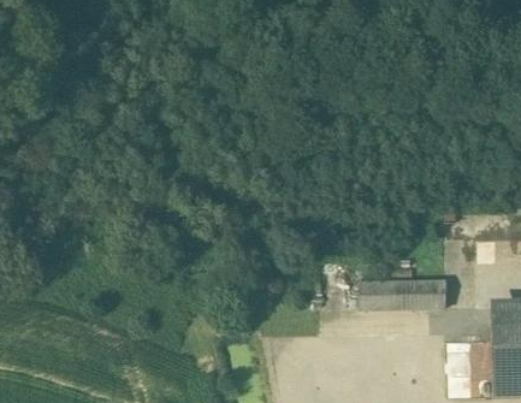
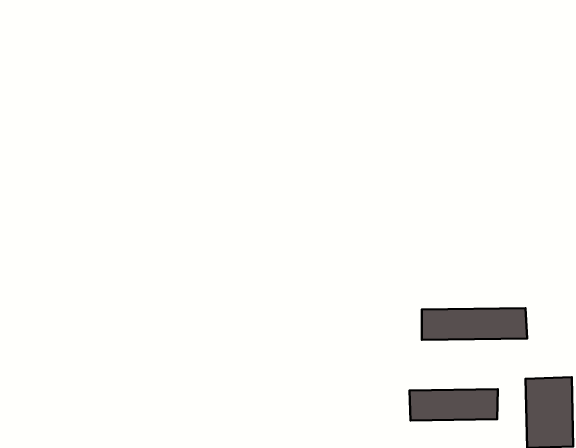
building: none -> [410,389,498,420]

